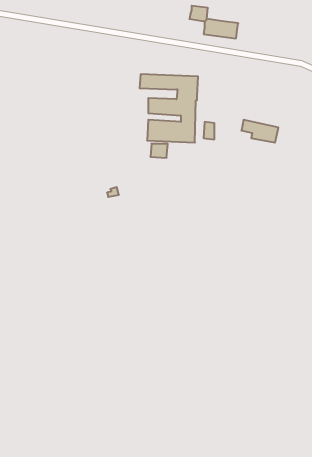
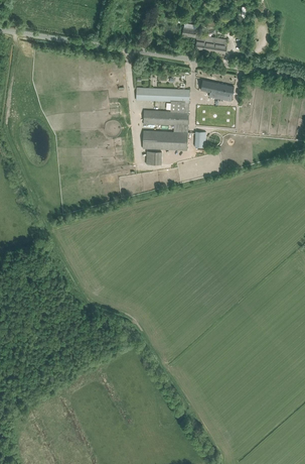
building: [241,120,278,143] -> [199,80,234,101]

